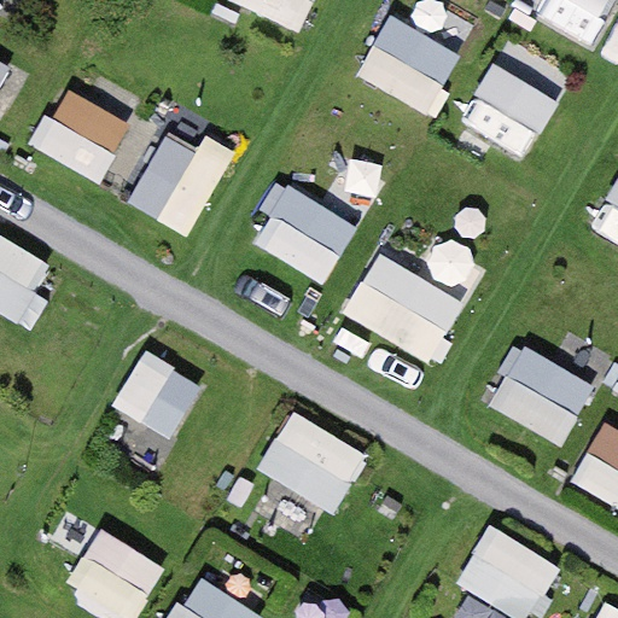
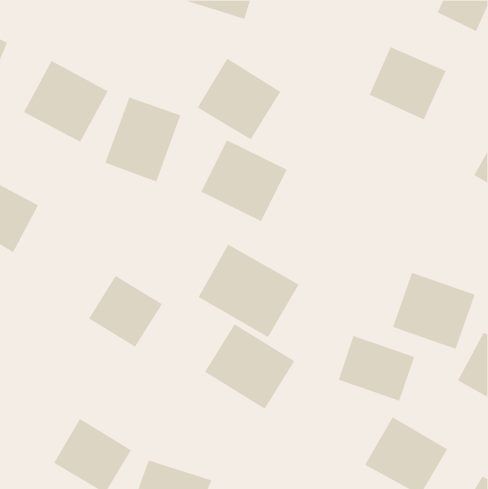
building: [354,13,459,116] -> [197,58,281,140]
building: [342,249,468,366] -> [198,244,299,338]
building: none -> [338,335,415,402]

